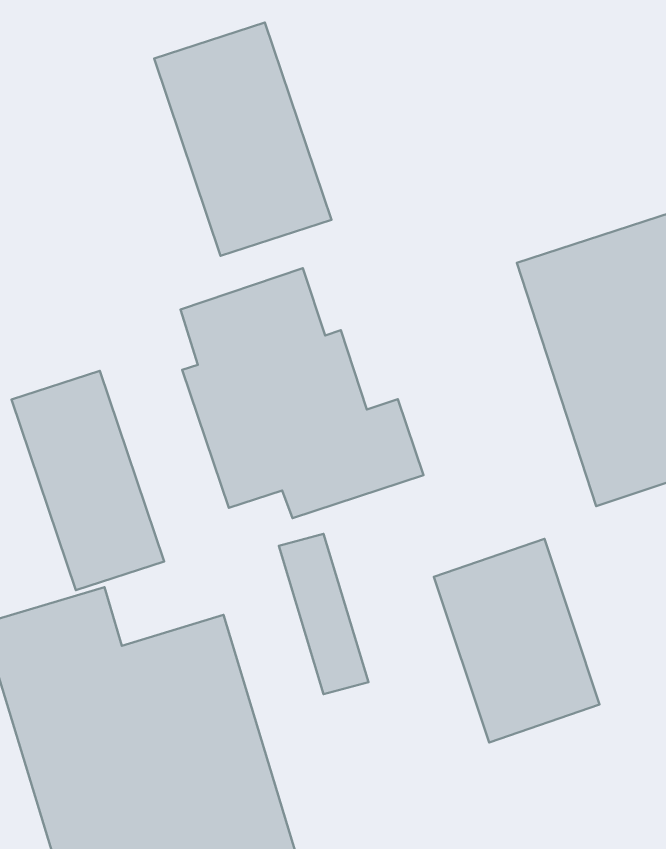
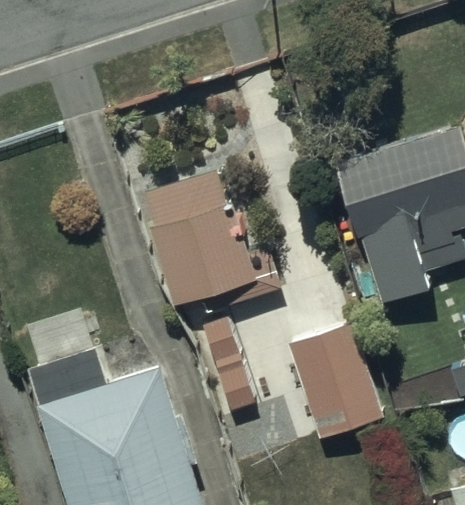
building: [154,22,331,256] -> none
building: [12,371,164,590] -> none

